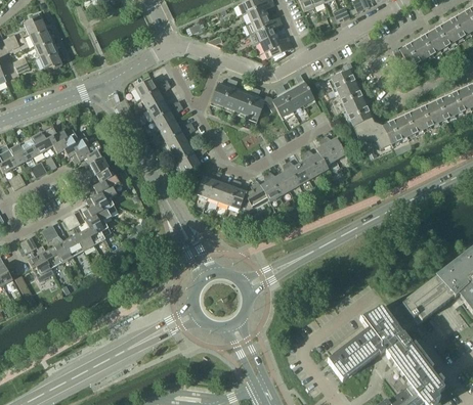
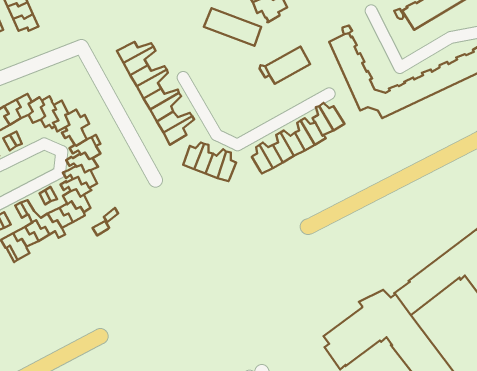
building: [211,85,264,120] -> [204,8,261,46]
building: [240,181,268,210] -> none

